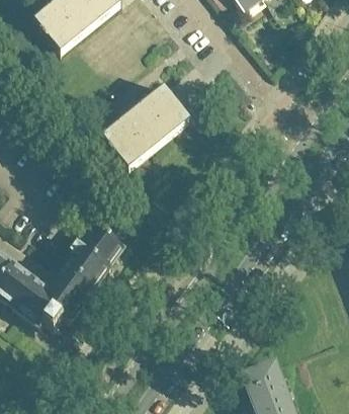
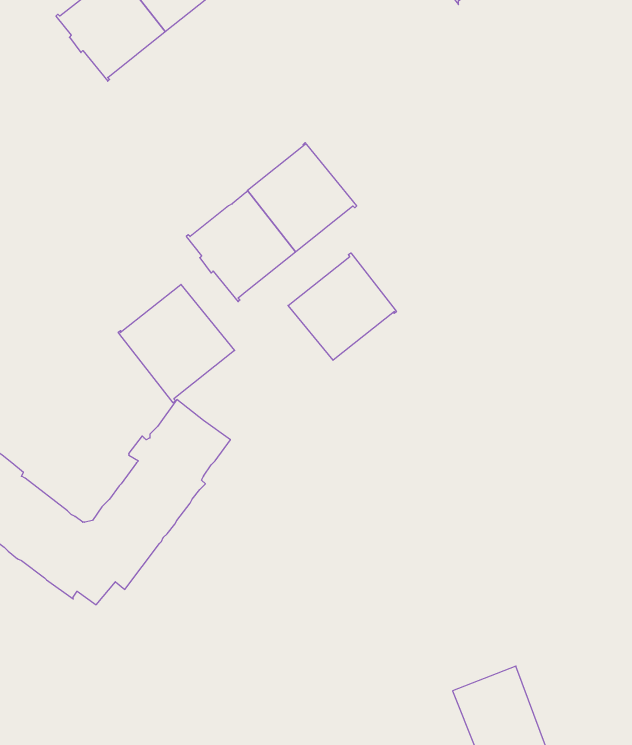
building: none -> [288,253,396,360]
building: none -> [118,284,235,403]

